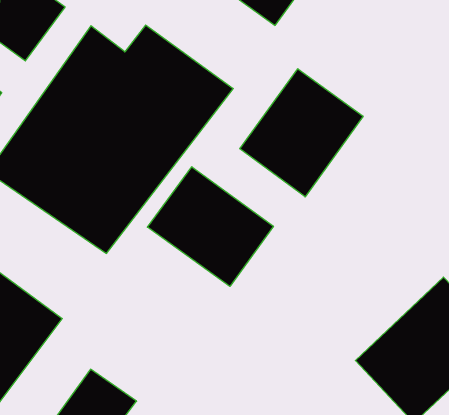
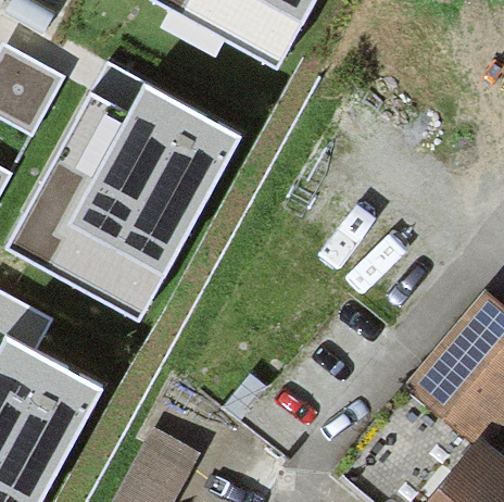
building: [240,69,363,197] -> none
building: [147,167,273,286] -> none

